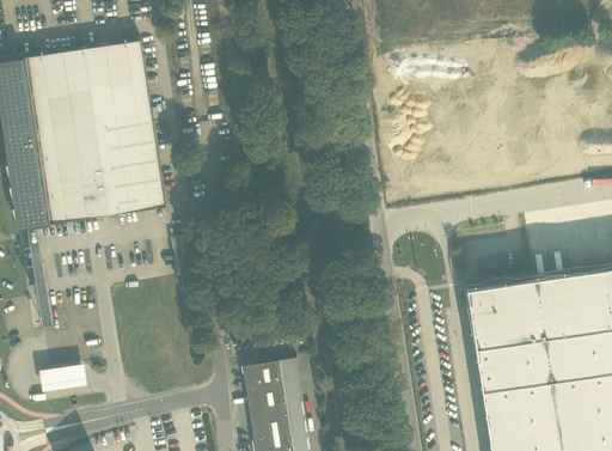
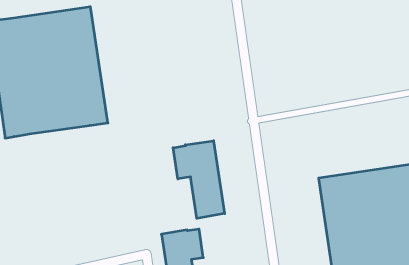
building: none -> [173,141,225,218]
building: [39,362,87,390] -> none

